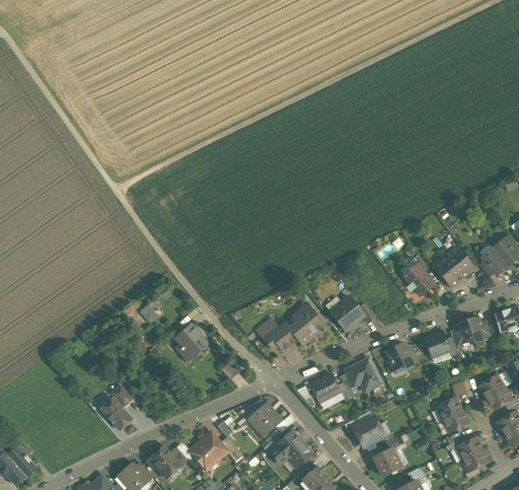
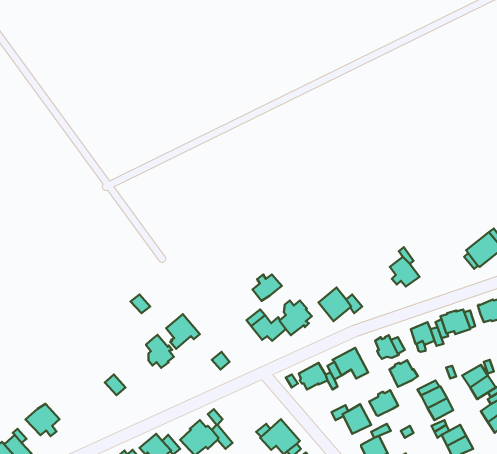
building: [434,250,474,287] -> none
building: none -> [252,274,282,301]
building: none -> [146,335,174,368]
building: none -> [389,360,418,387]
building: none -> [369,390,398,416]
building: [103,402,132,430] -> none
building: [246,402,283,437] -> none
building: none -> [26,404,59,436]

